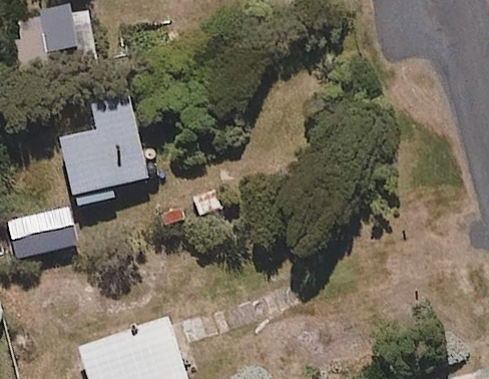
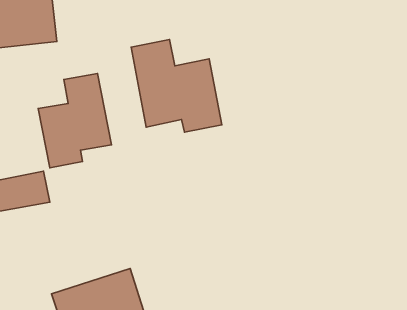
building: none -> [131,39,222,132]

